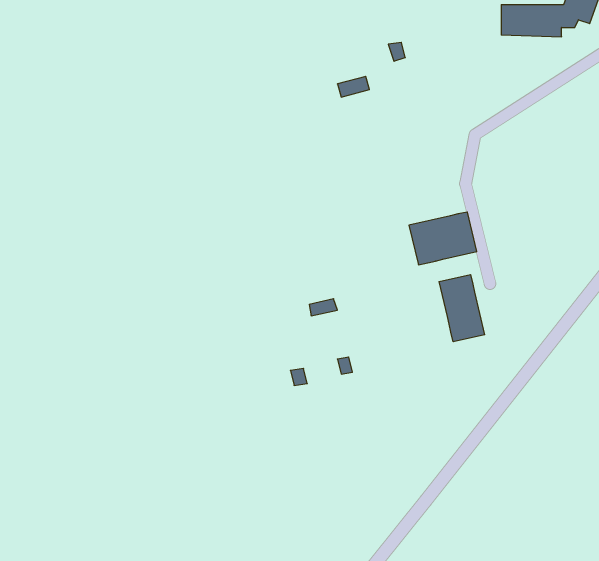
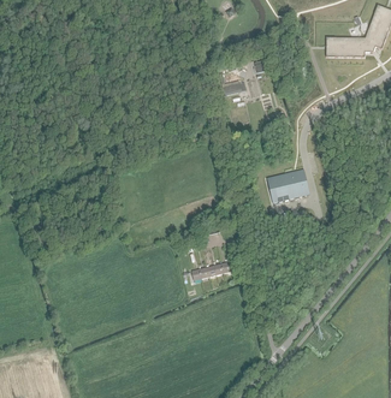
building: [439,275,485,342] -> none

